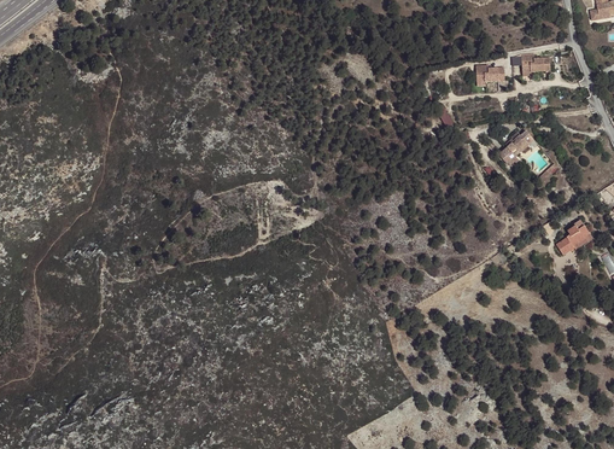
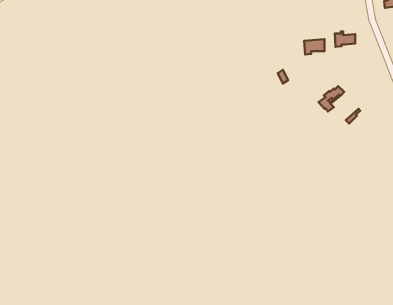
building: [555,220,592,253] -> none

